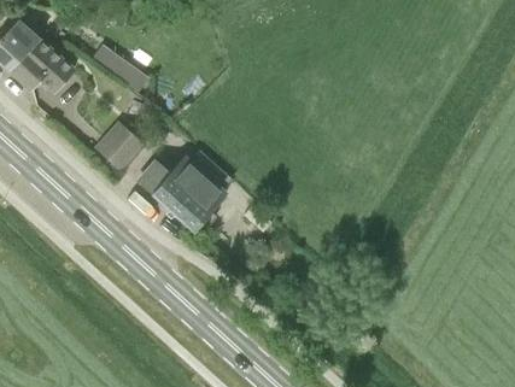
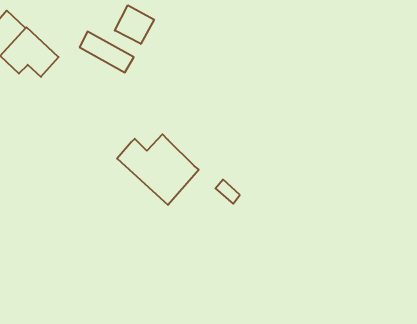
building: none -> [115,5,154,44]
building: [98,125,137,166] -> none

